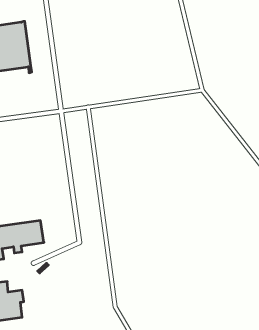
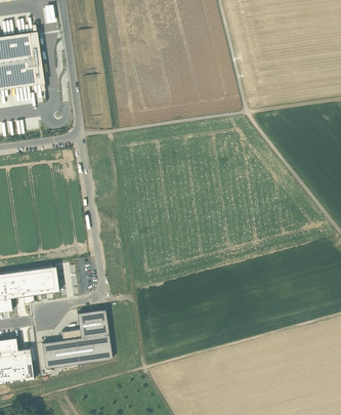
building: none -> [42,308,112,368]

